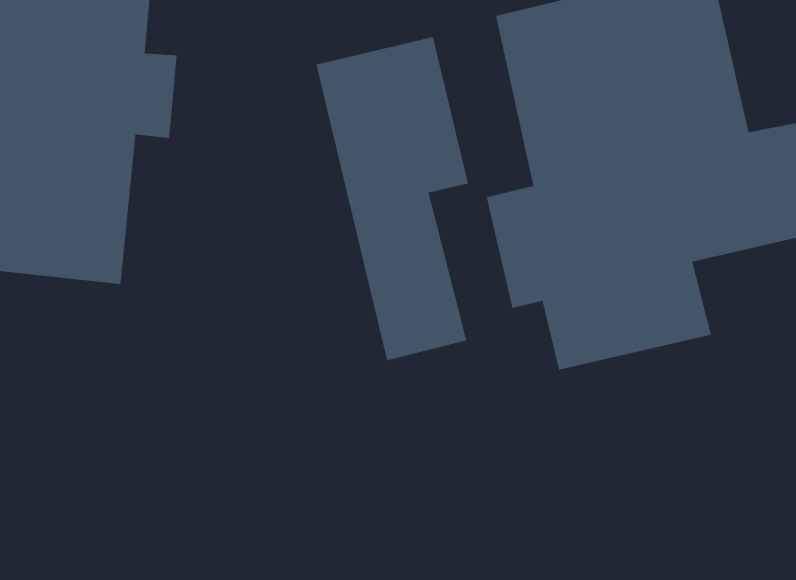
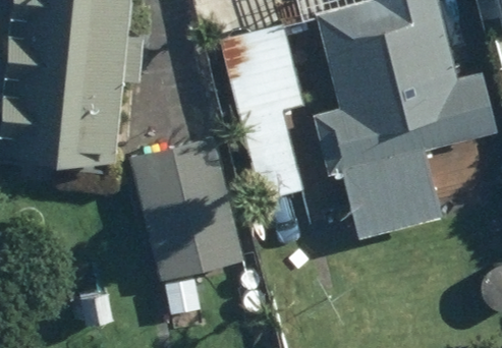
building: none -> [130,141,243,283]

